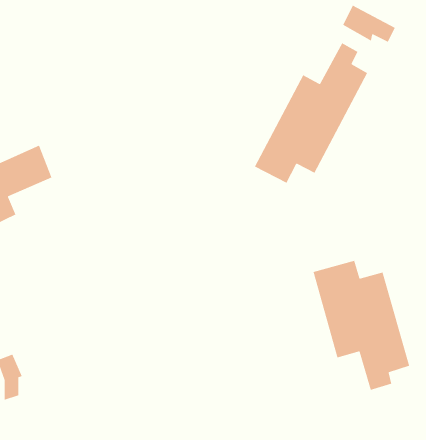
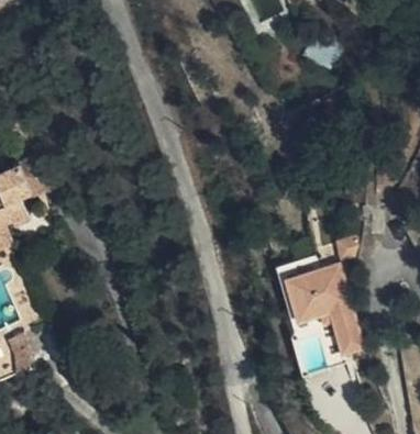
building: [254,42,368,184] -> none

